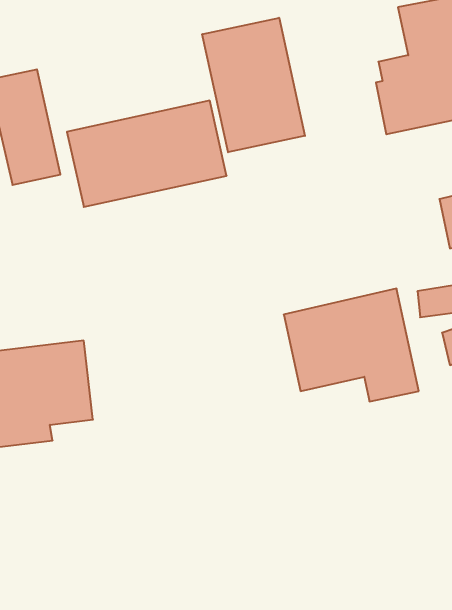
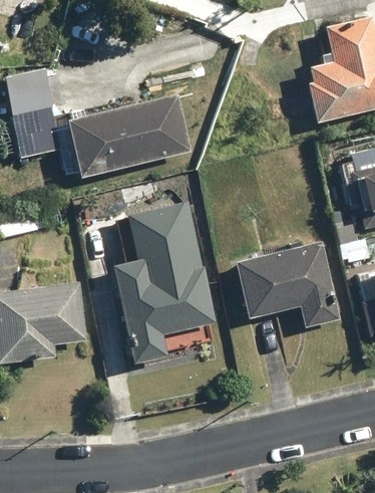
building: [202,18,305,152] -> none
building: none -> [109,201,217,363]

